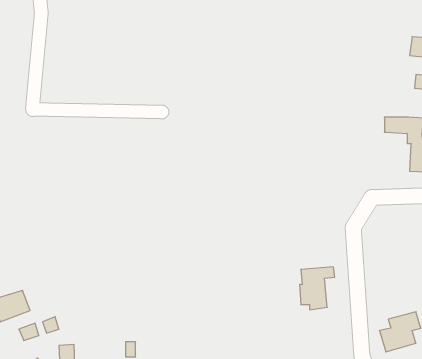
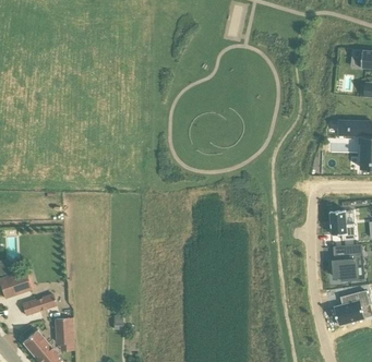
building: none -> [329,209,355,239]
building: [300,267,335,310] -> [332,243,362,280]

